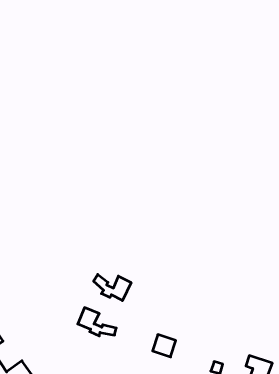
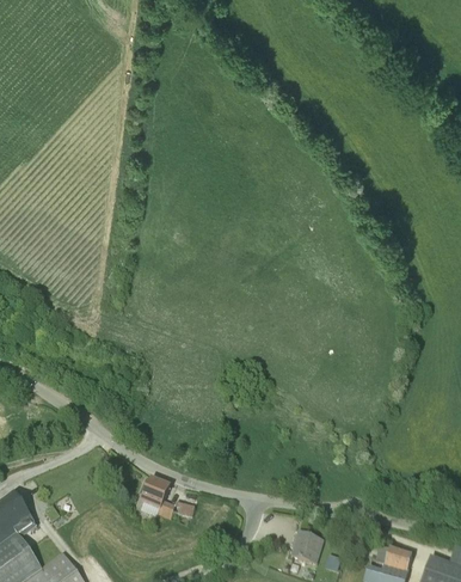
building: [94,274,131,301] -> none
building: [153,335,176,357] -> [290,531,322,562]

